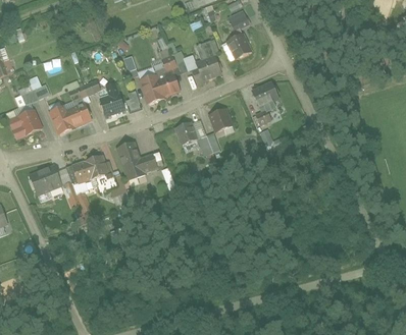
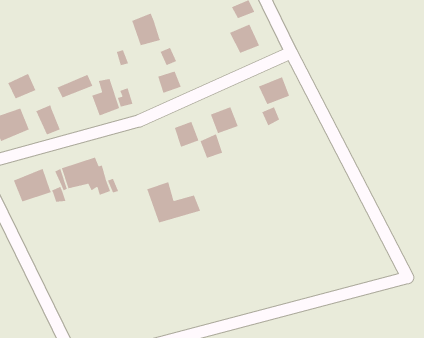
building: [190,53,223,85] -> none
building: [138,72,165,103] -> [131,13,161,46]
building: [63,100,92,128] -> none
building: [115,139,165,178] -> [146,181,201,224]

